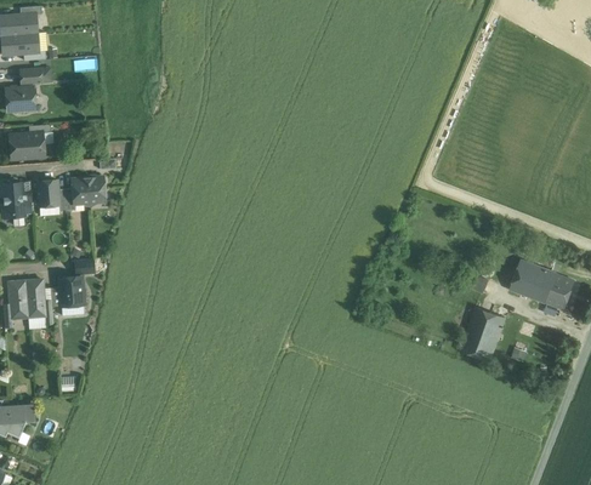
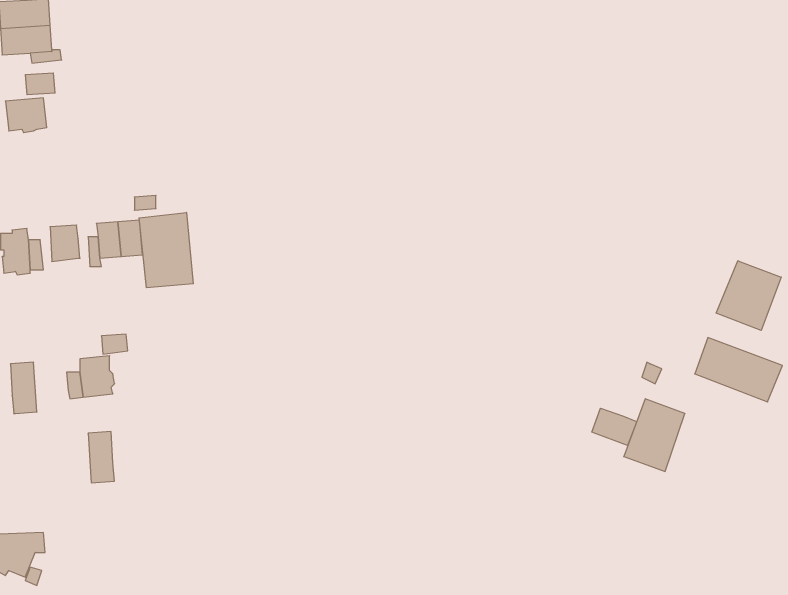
building: [10,132,45,159] -> none
building: none -> [139,212,193,288]
building: none -> [716,261,781,330]
building: [25,279,45,316] -> [88,432,114,483]
building: none -> [592,408,637,445]

